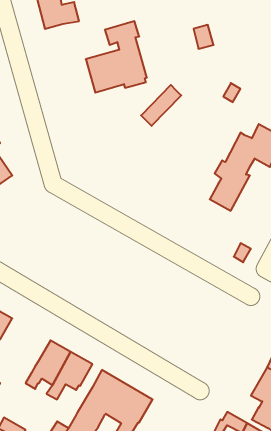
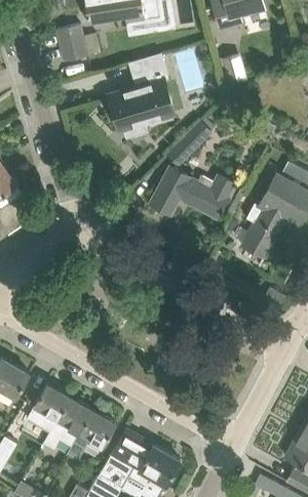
building: none -> [149,167,235,219]
building: none -> [26,384,70,432]

